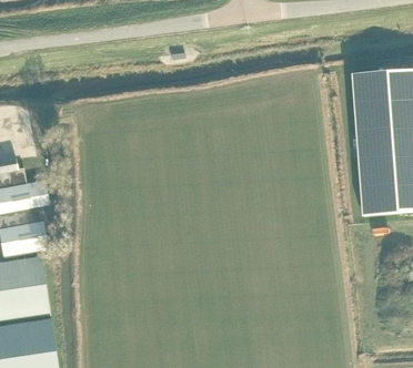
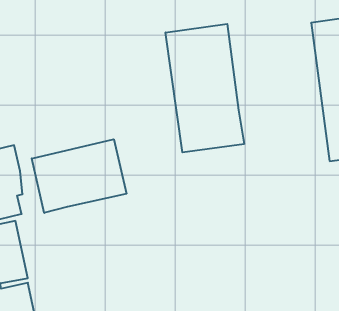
building: none -> [166,24,244,152]
building: none -> [32,139,126,213]

